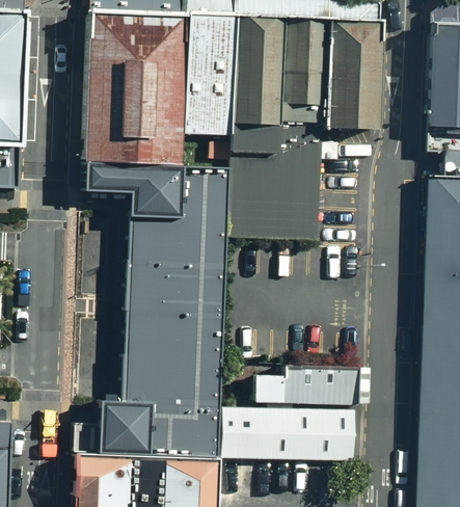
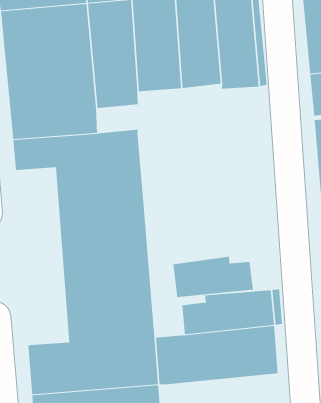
building: [225,125,324,242] -> none
building: none -> [173,256,253,298]

